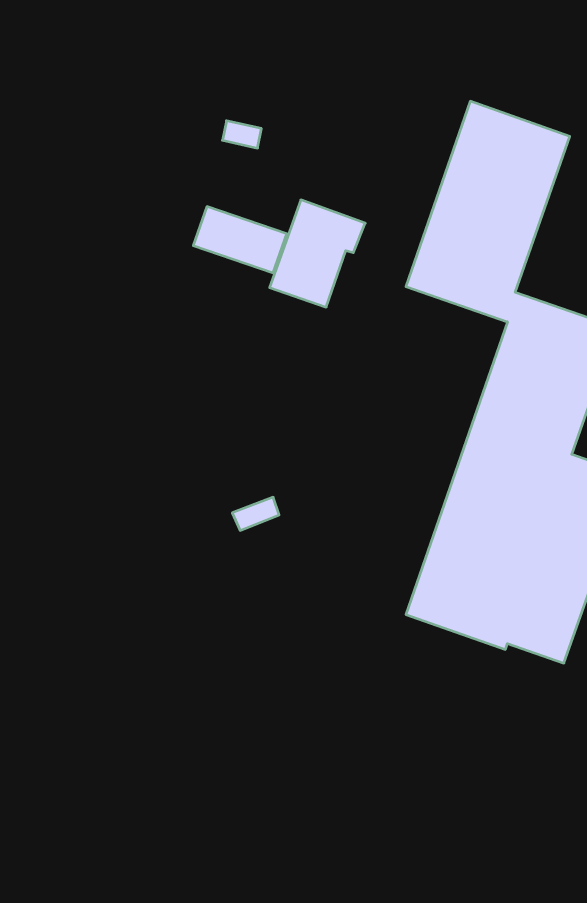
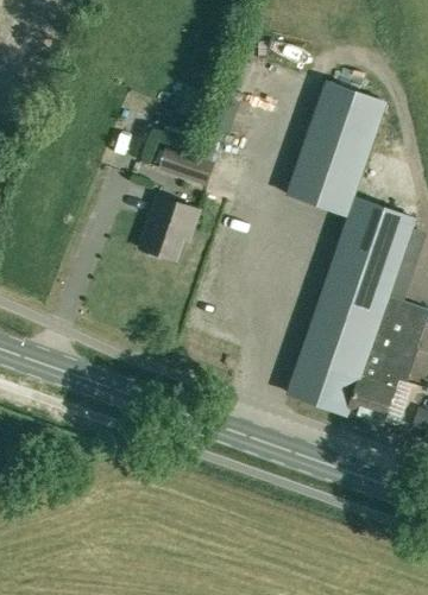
building: [270,200,365,307] -> [140,195,199,260]

